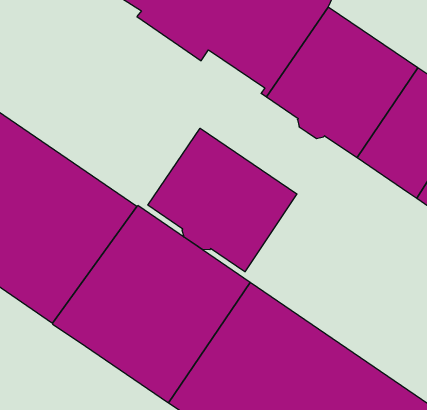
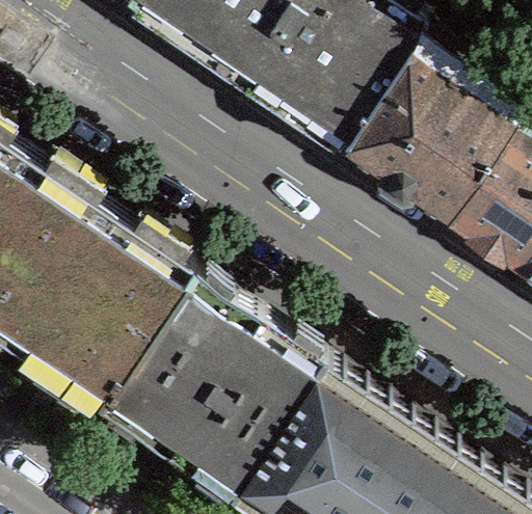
building: [148,128,297,272] -> none

